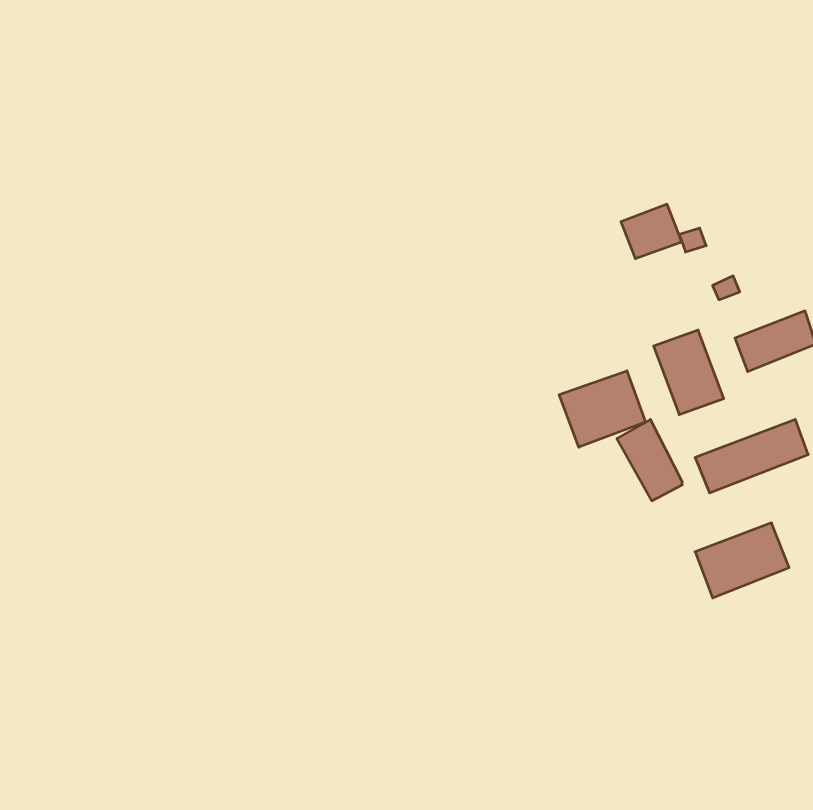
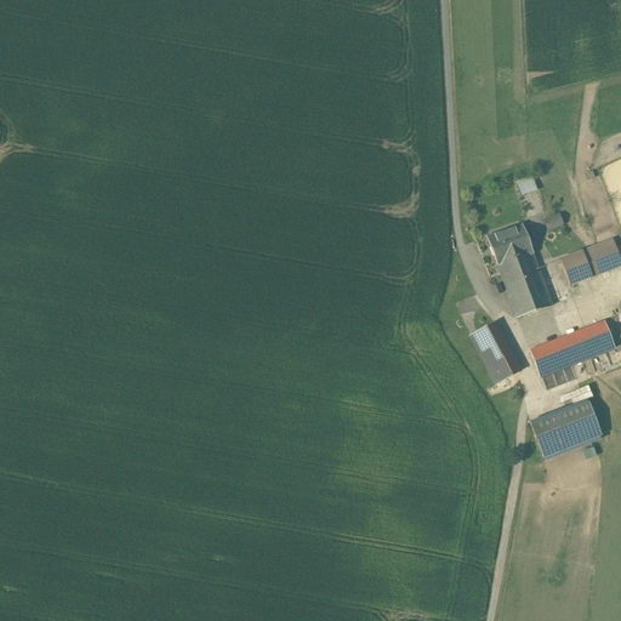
building: [621,204,681,259] -> [488,222,534,263]
building: [559,371,646,447] -> none

